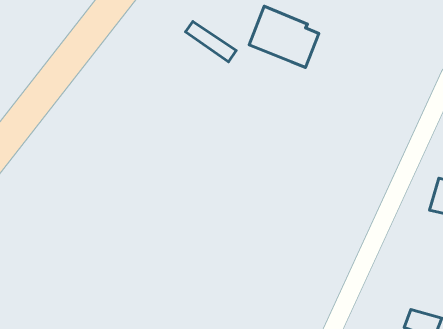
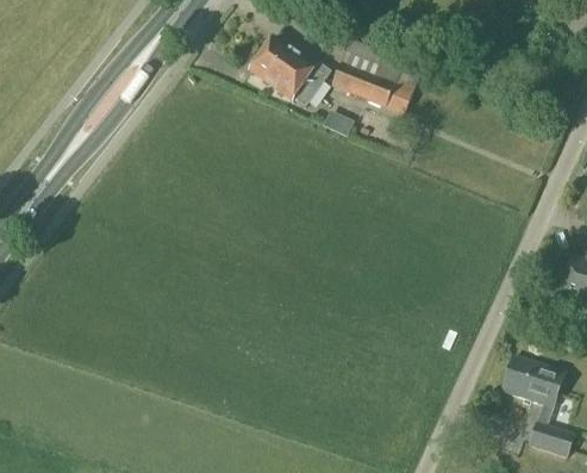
building: none -> [260,36,331,92]
building: none -> [501,353,564,406]

